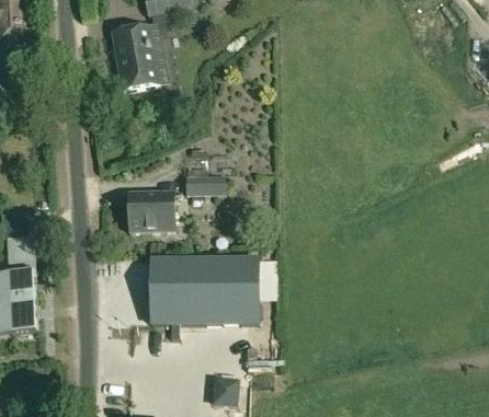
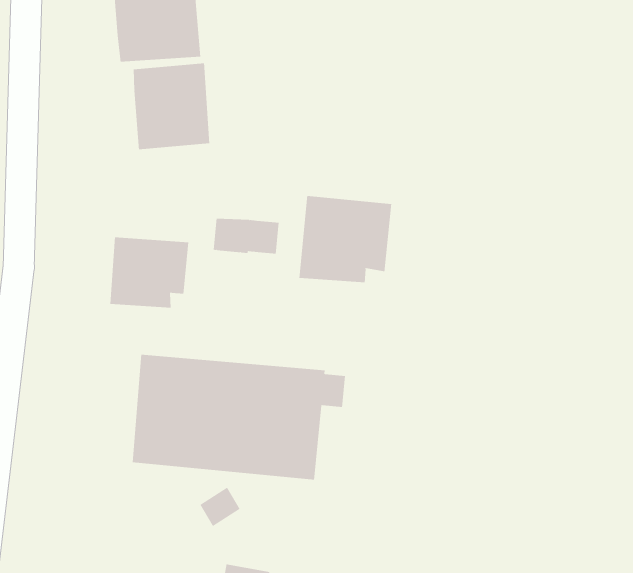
building: none -> [133,62,210,150]
building: none -> [299,195,392,283]

